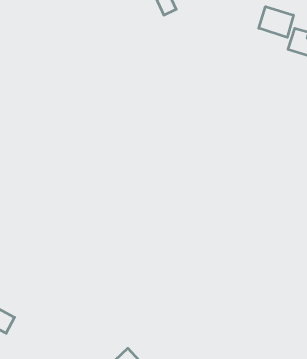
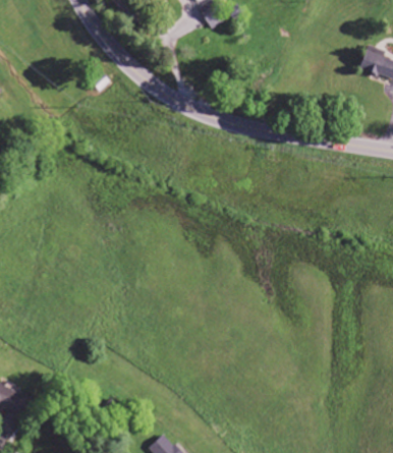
building: [259,7,293,37] -> none

